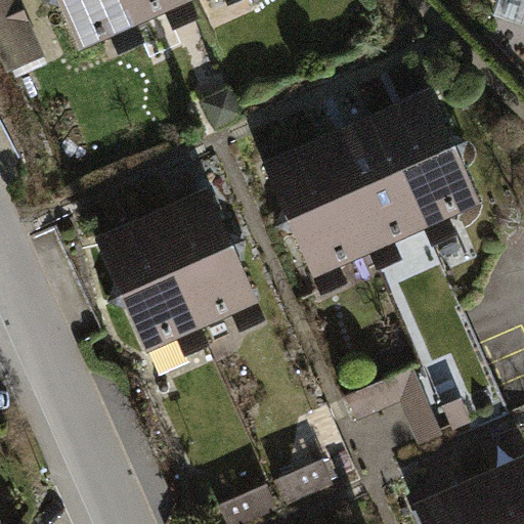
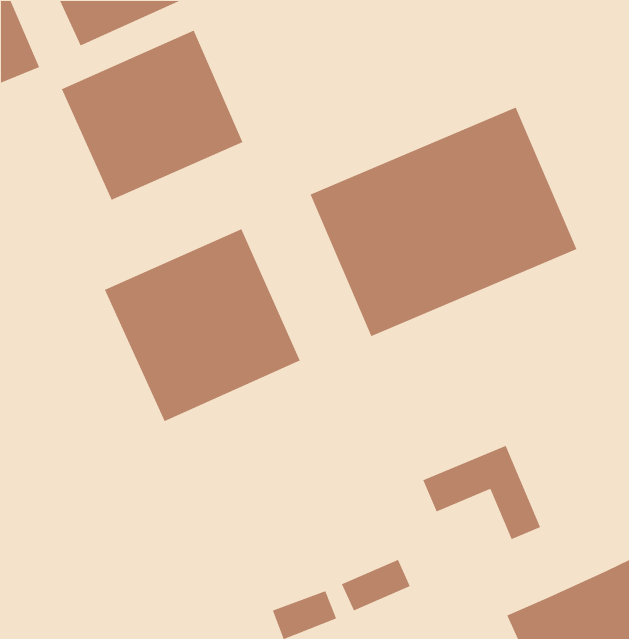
building: none -> [61,29,244,201]

